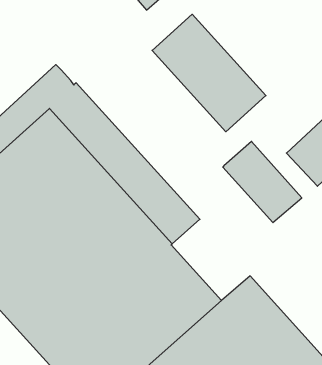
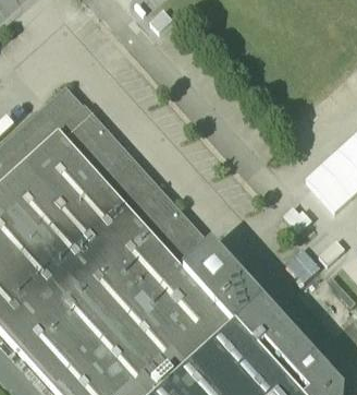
building: [152,14,266,132] -> none
building: [223,141,302,223] -> [185,246,266,328]

